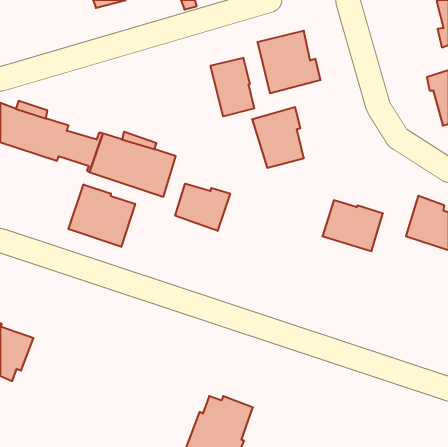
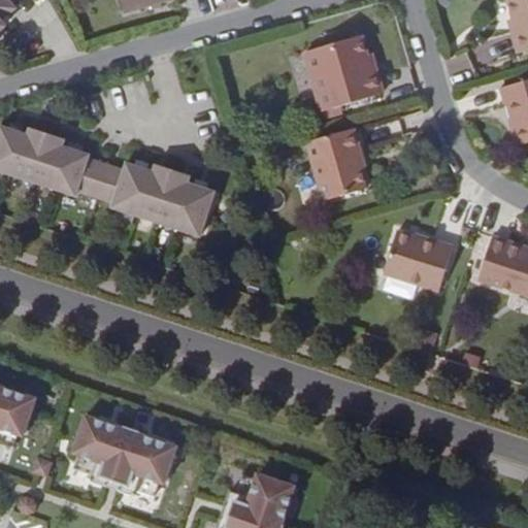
building: [211,58,254,116] -> none
building: [175,184,230,231] -> none
building: [69,184,135,247] -> none
building: none -> [75,411,182,493]

